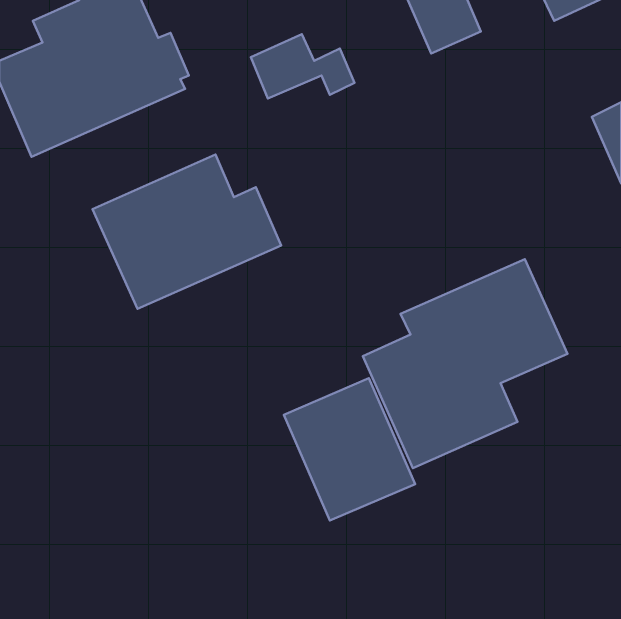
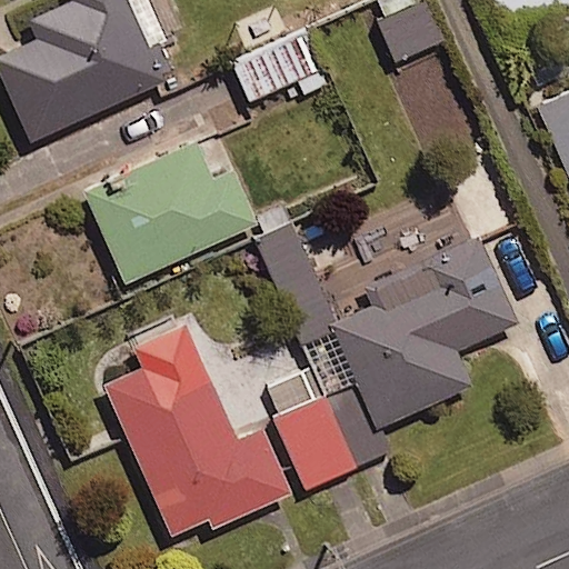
building: none -> [104,346,292,536]

